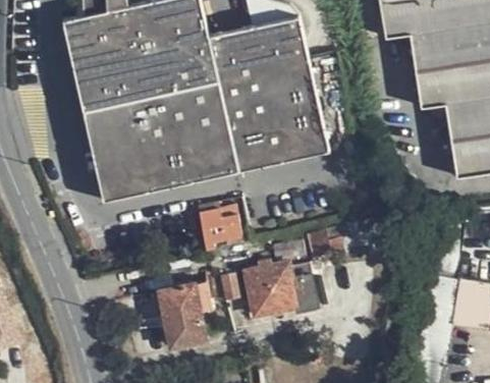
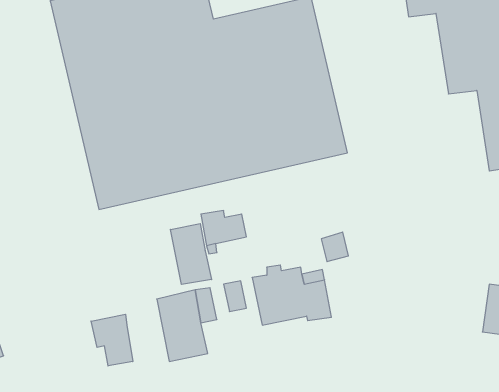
building: none -> [170,224,212,284]
building: none -> [91,314,133,366]

